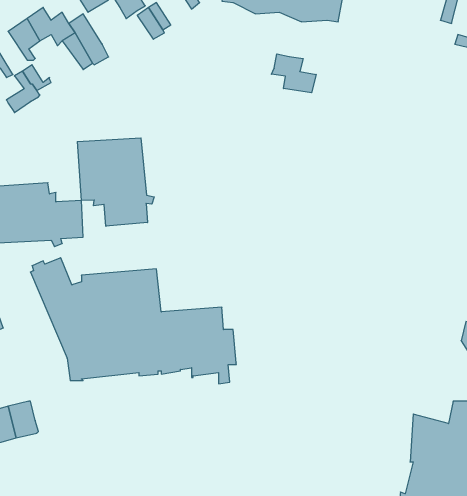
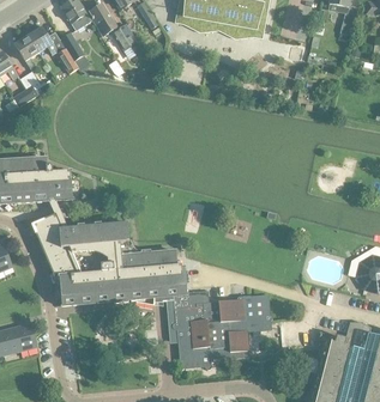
building: [271,54,316,93] -> none
building: [77,138,154,226] -> none
building: none -> [171,294,273,363]

